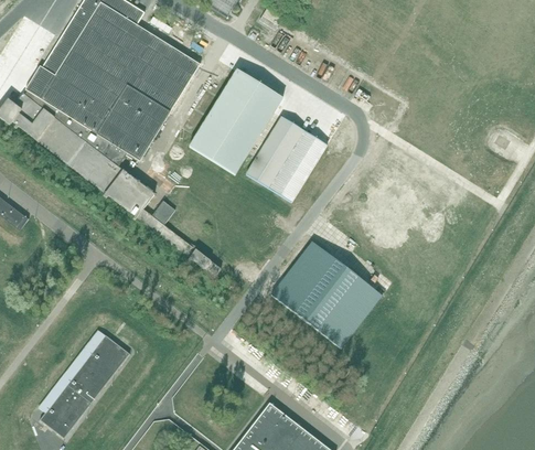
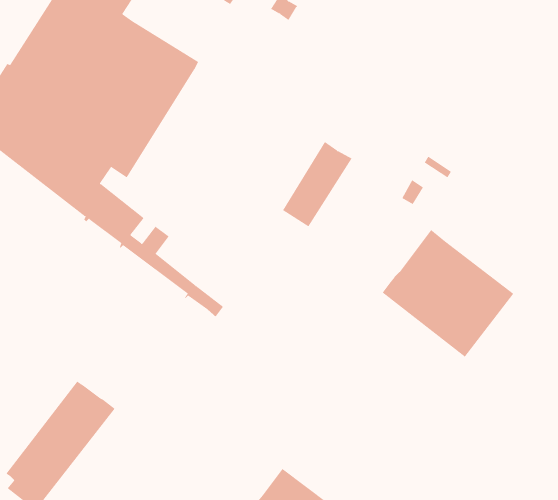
building: [189,69,283,174] -> none
building: [246,116,304,188] -> none
building: [272,242,383,349] -> [382,229,514,358]

